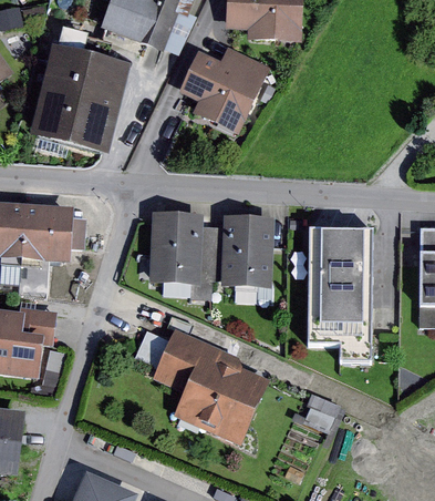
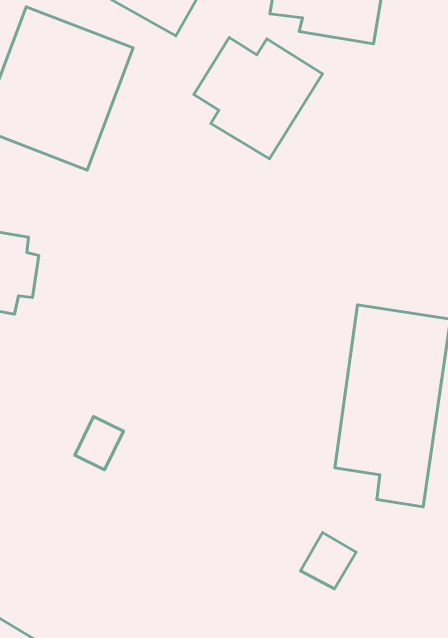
building: [147,212,275,299] -> none
building: [149,327,268,444] -> none

